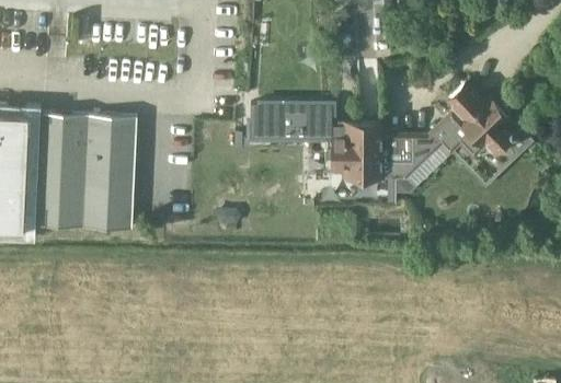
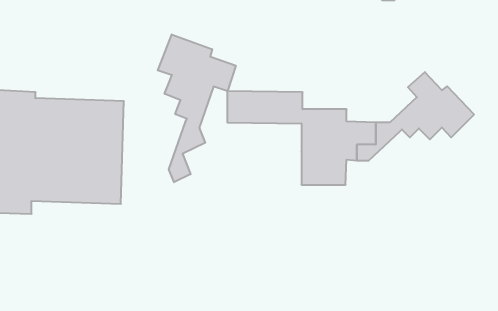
building: none -> [158,34,236,182]

